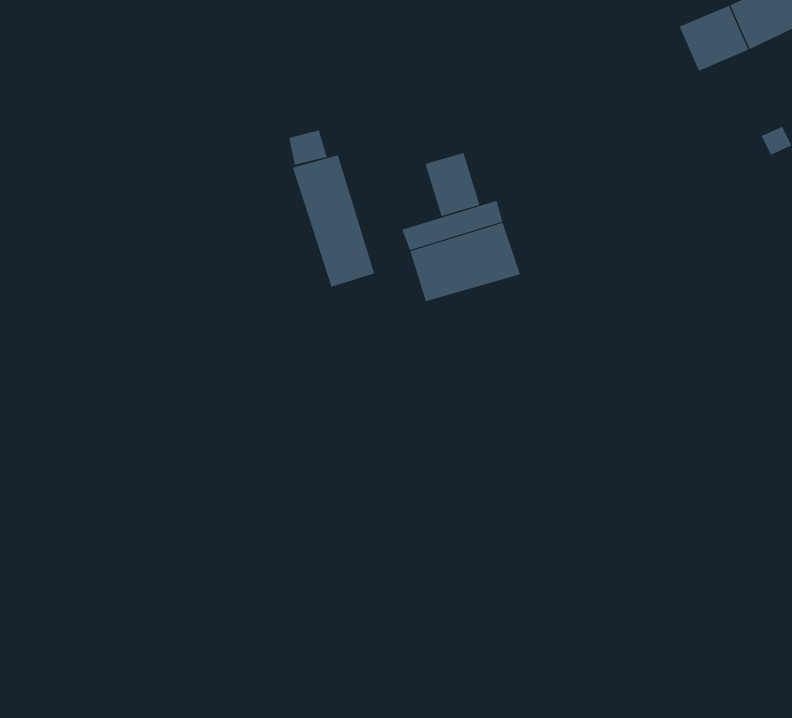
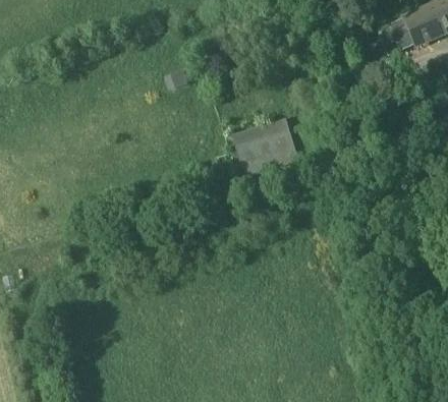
building: [425,152,480,217] -> none
building: [292,154,375,288] -> none

